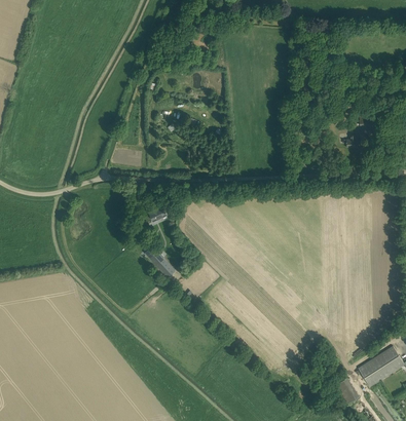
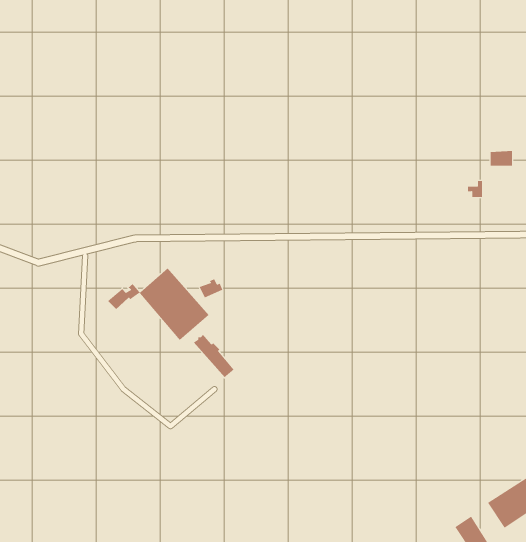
building: none -> [107,267,209,341]

